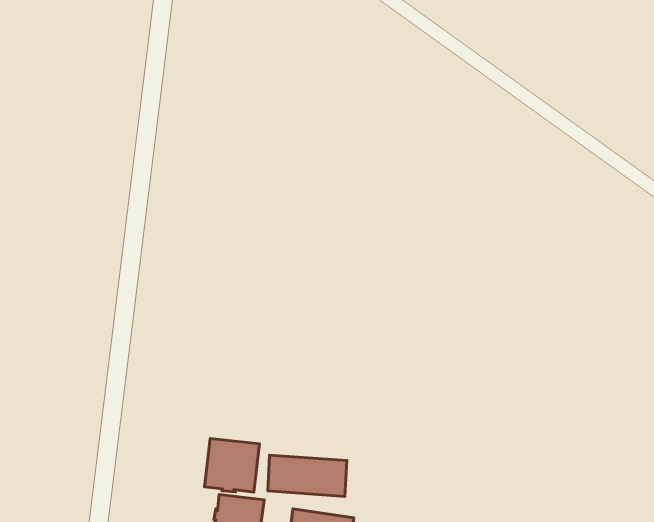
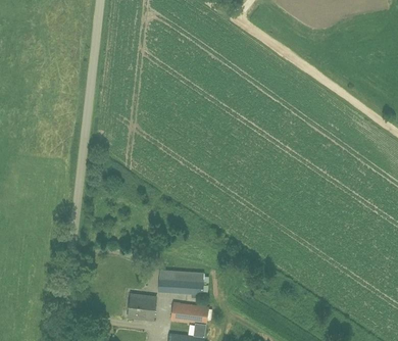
building: [204,438,260,492] -> none

